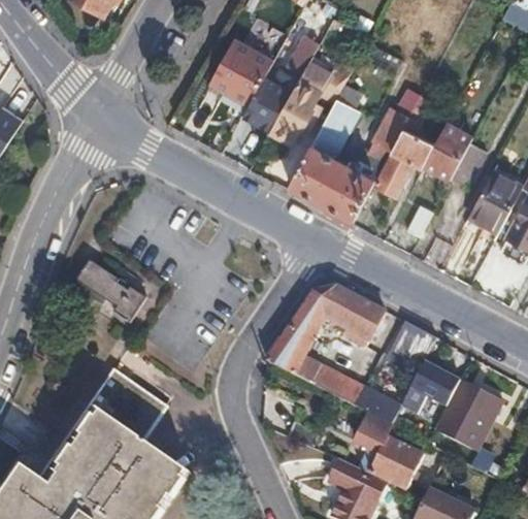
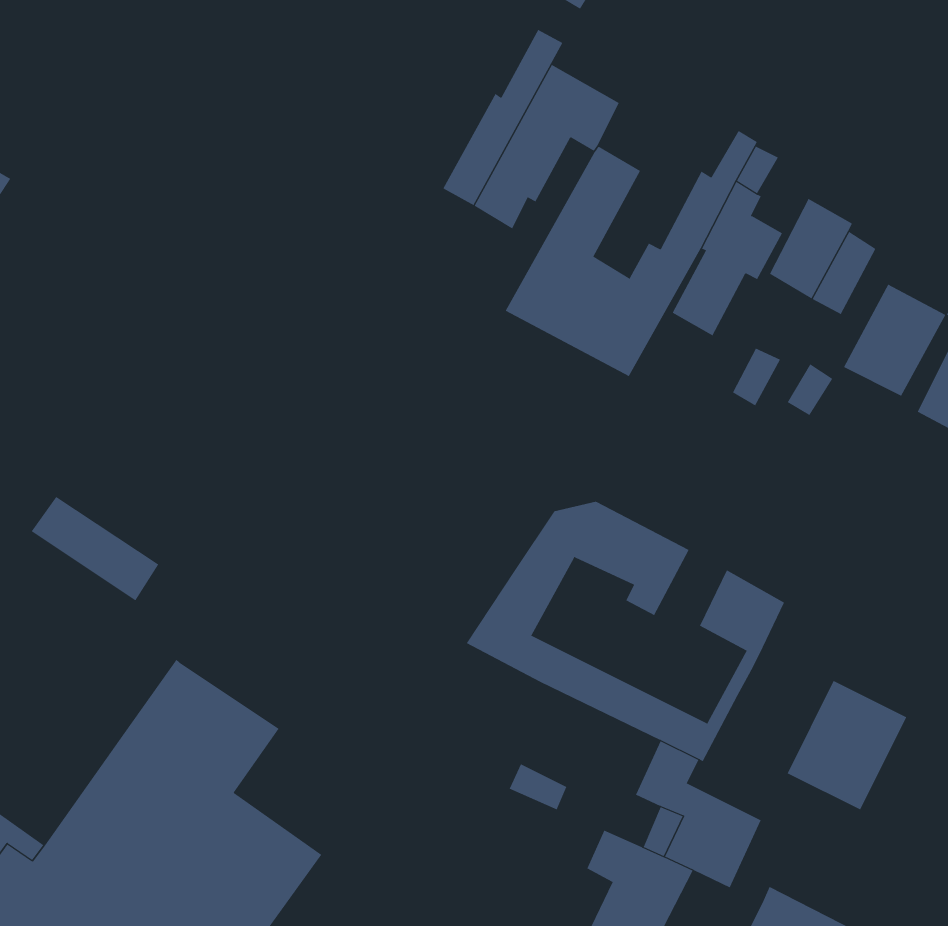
building: [210,38,273,103] -> none
building: [75,262,143,318] -> [31,496,159,601]
building: [410,363,459,408] -> none

